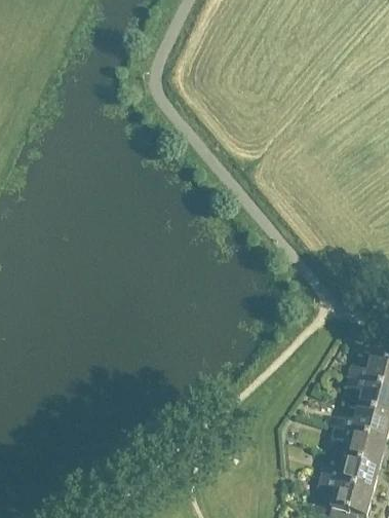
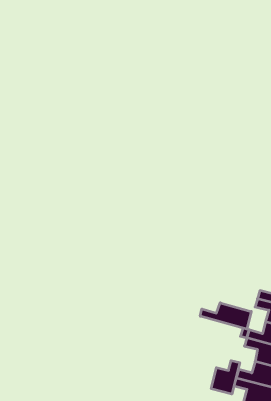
building: none -> [200,303,251,329]
building: none -> [211,361,240,394]

